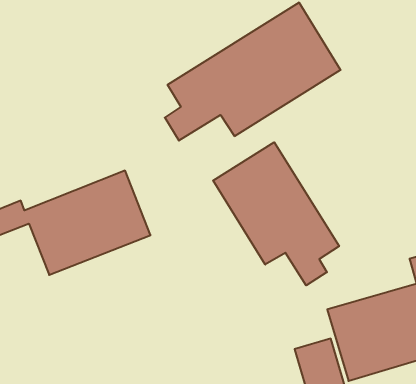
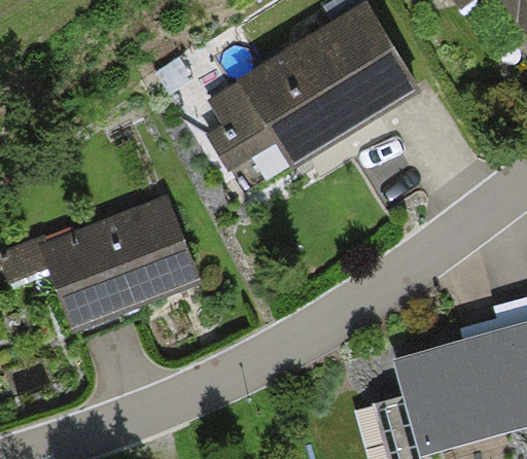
building: [213,142,339,285] -> none

